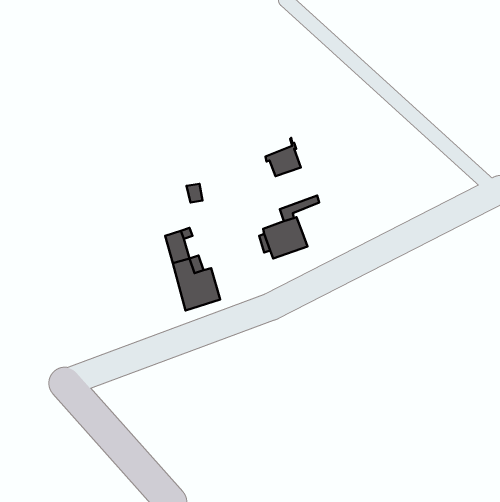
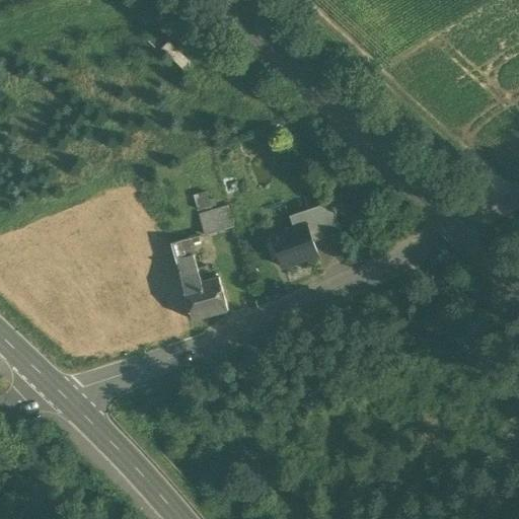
building: [266,138,301,176] -> [302,201,339,240]
building: none -> [198,207,232,235]

